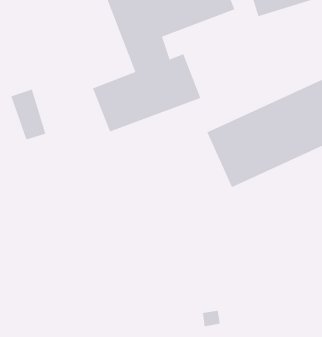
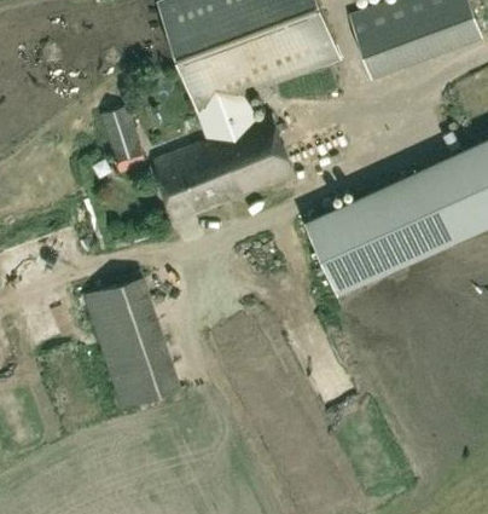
building: [10,89,46,140] -> [99,108,146,175]
building: none -> [82,278,181,411]

